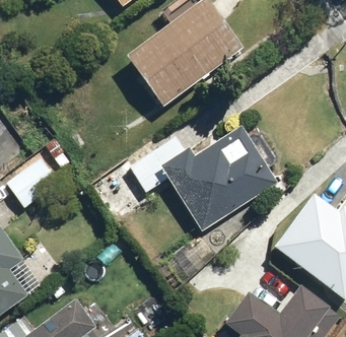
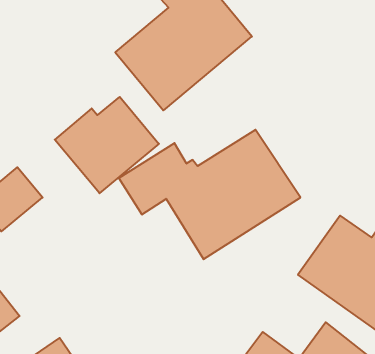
building: none -> [55,97,159,193]

